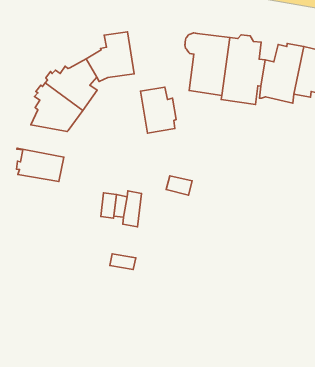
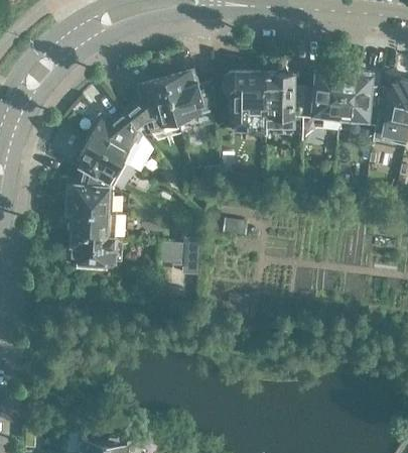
building: [140,87,176,133] -> [164,72,203,120]
building: none -> [65,185,116,213]
building: none -> [69,236,114,269]

